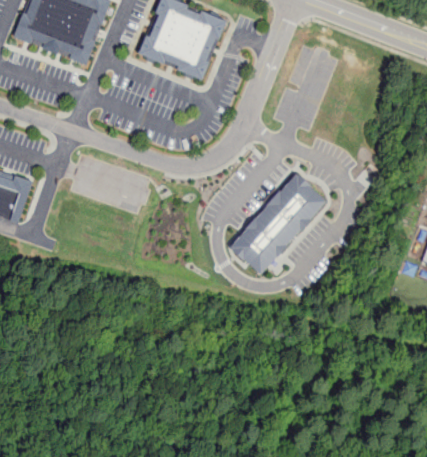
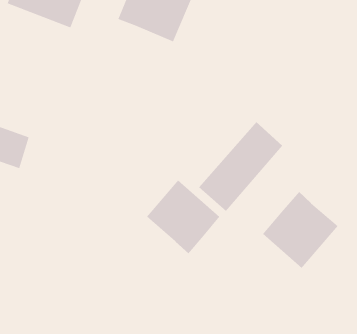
building: none -> [146,179,220,254]
building: none -> [262,191,338,269]

